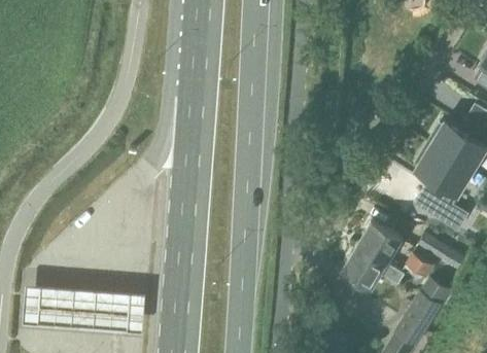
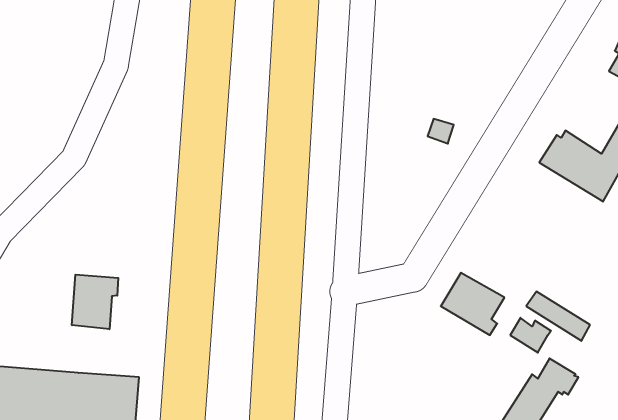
building: [415,142,473,228] -> none
building: none -> [72,275,118,329]
building: [342,244,406,287] -> none

